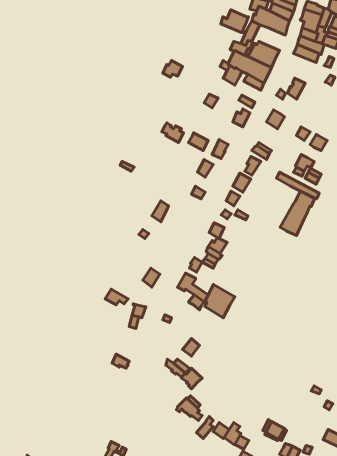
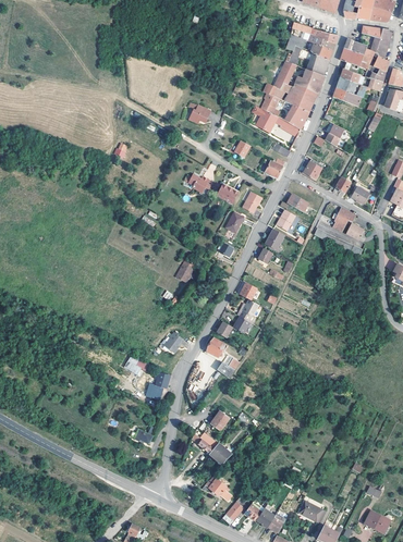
building: [221,10,249,33] -> [294,69,325,94]
building: [280,192,315,236] -> none
building: [205,285,235,318] -> none

